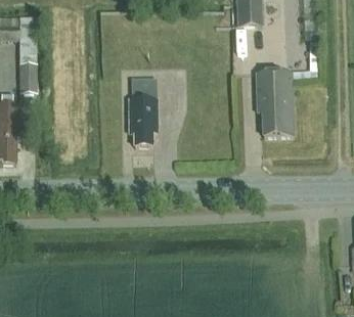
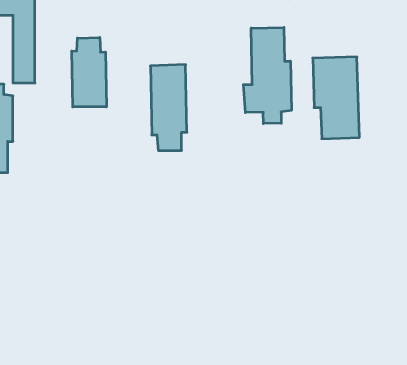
building: none -> [243,27,291,124]
building: none -> [72,37,106,107]

